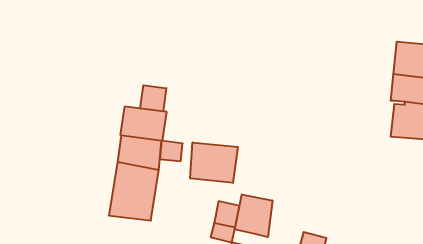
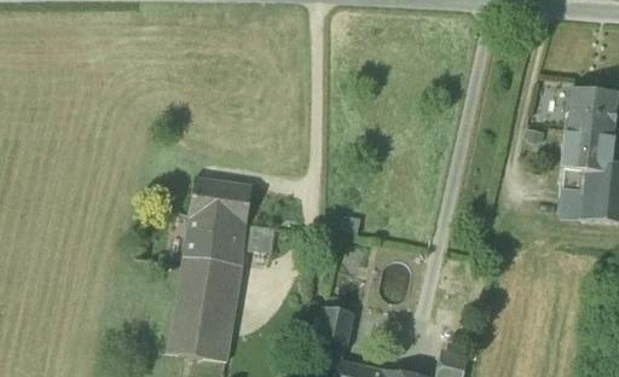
building: [140,85,166,111] -> none
building: [190,142,238,183] -> none
building: [235,194,272,237] -> none
building: none -> [168,325,231,359]

